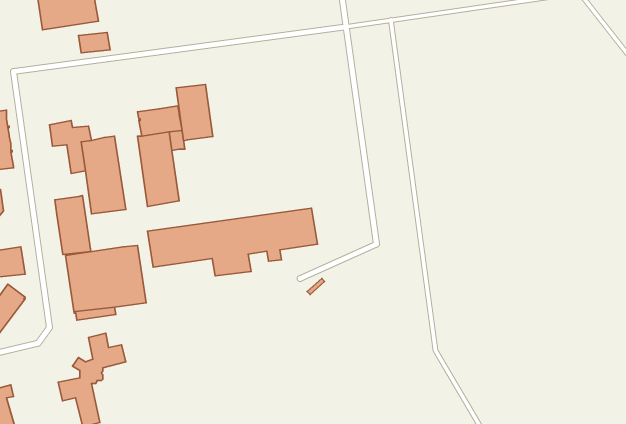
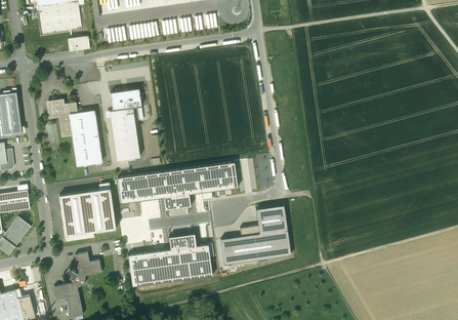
building: [176,85,213,141] -> none
building: [55,196,91,255] -> none
building: none -> [220,204,290,264]
building: none -> [127,233,214,286]

